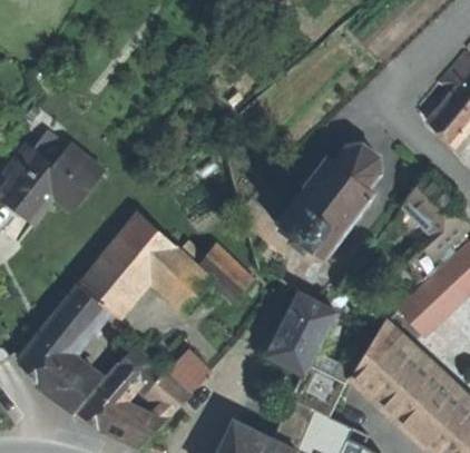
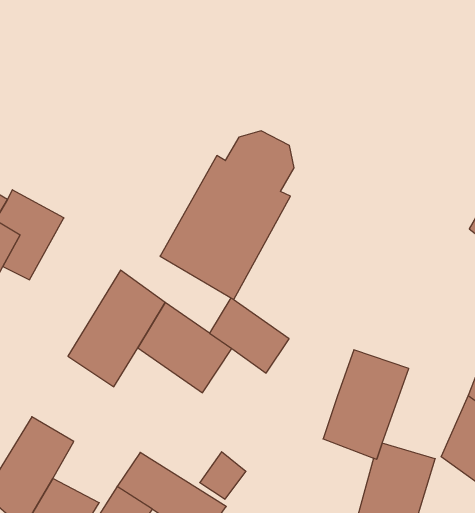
building: [276,144,382,263] -> [160,131,294,300]
building: [60,268,123,334] -> none

